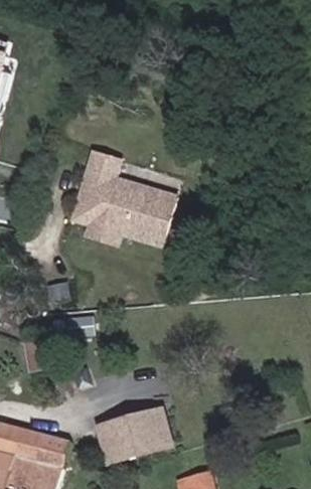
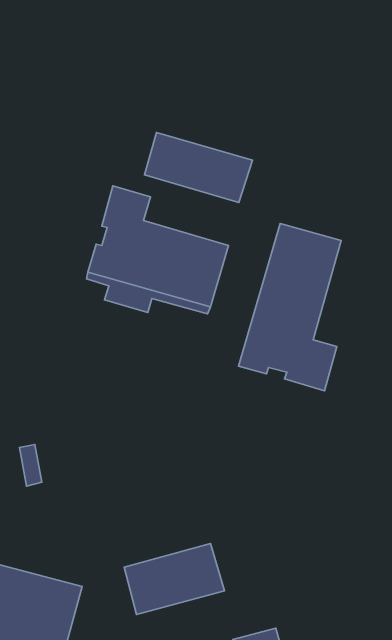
building: none -> [144,133,252,203]
building: none -> [239,223,341,391]

